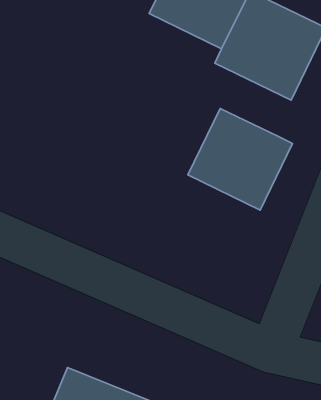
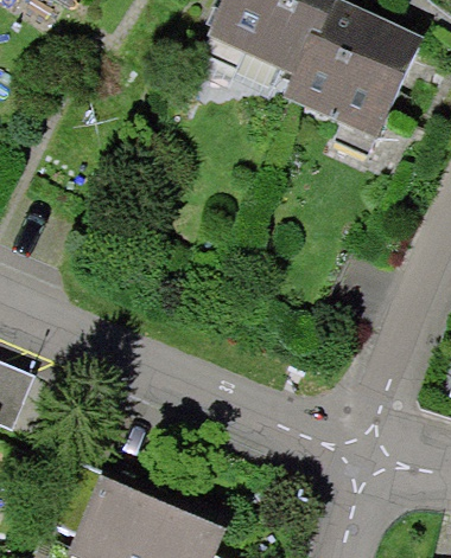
building: [188,108,293,210] -> none

